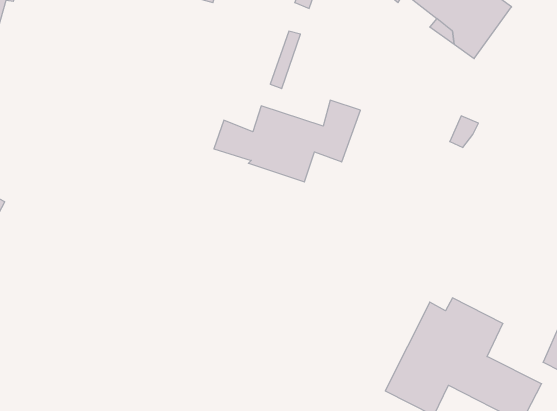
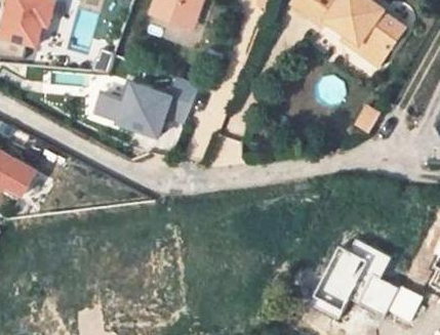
building: [214,100,360,182] -> [94,78,199,136]

